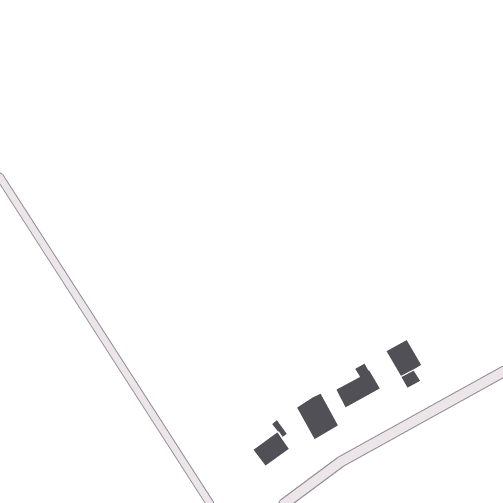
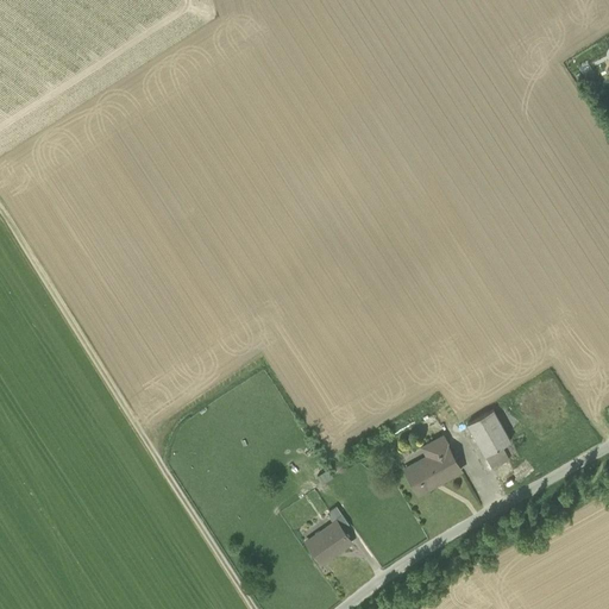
building: [296,393,339,440] -> none

